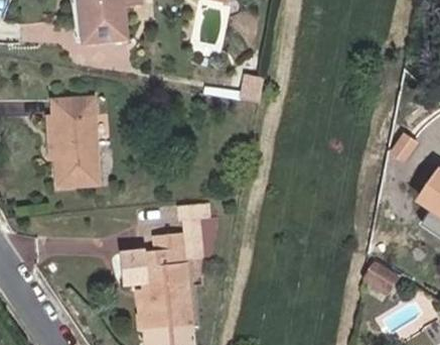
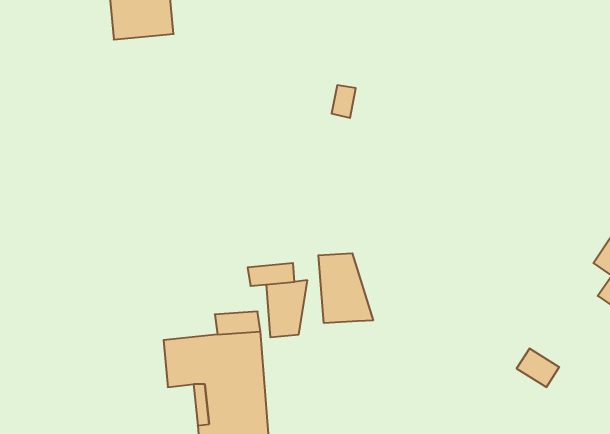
building: [50,98,99,187] -> none
building: none -> [318,253,373,323]

